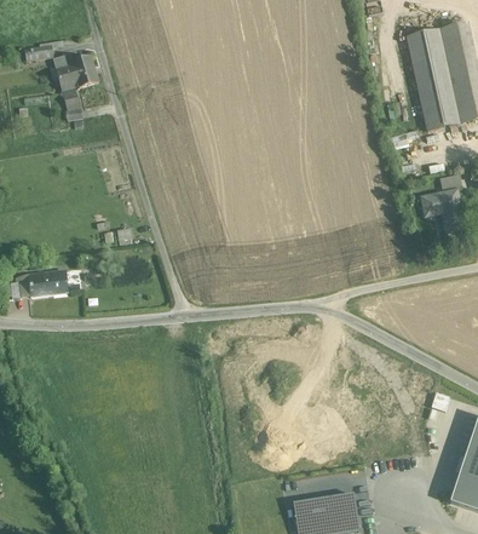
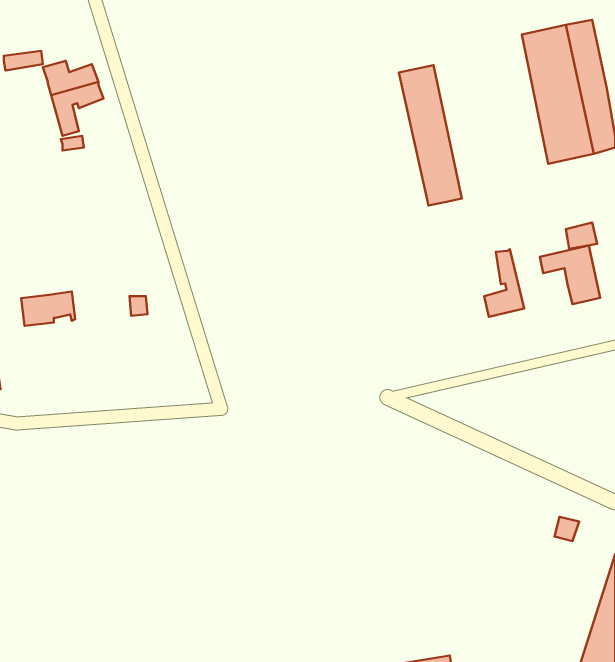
building: none -> [399,65,462,205]
building: none -> [484,249,524,317]
building: [28,269,68,294] -> [21,292,75,326]

